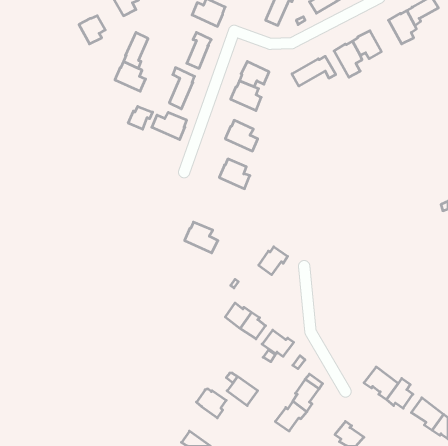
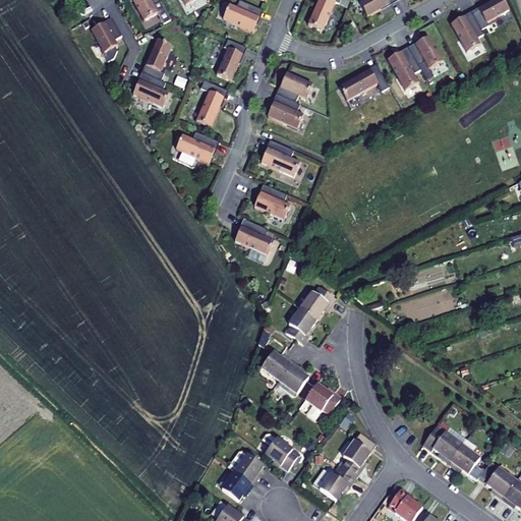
building: [128,106,153,129] -> none
building: [185,222,218,253] -> [235,219,274,254]
building: none -> [284,307,315,342]
building: none -> [221,471,252,500]

